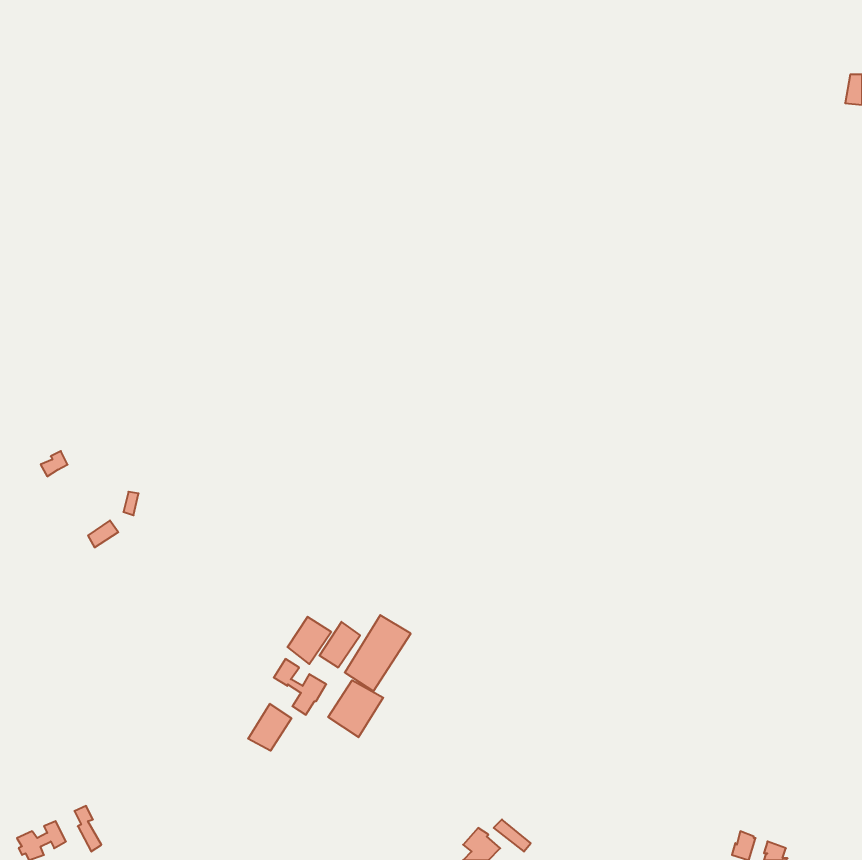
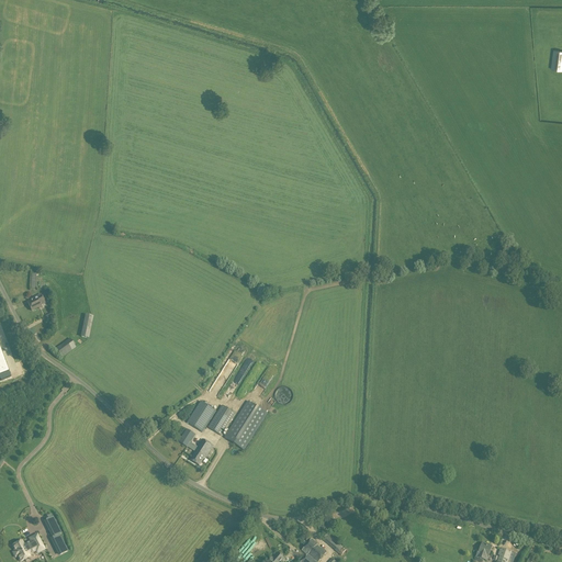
building: [328,680,383,737] -> none
building: [248,704,291,751] -> none

